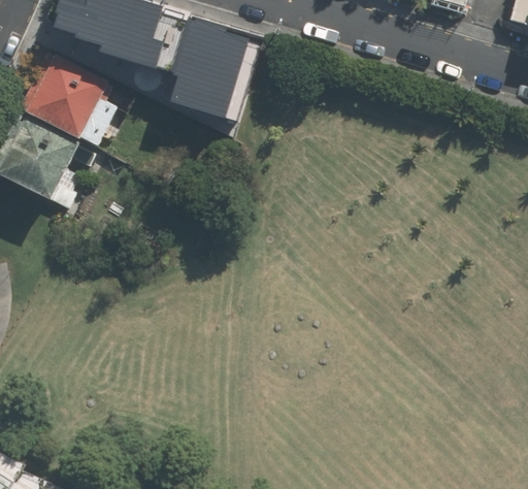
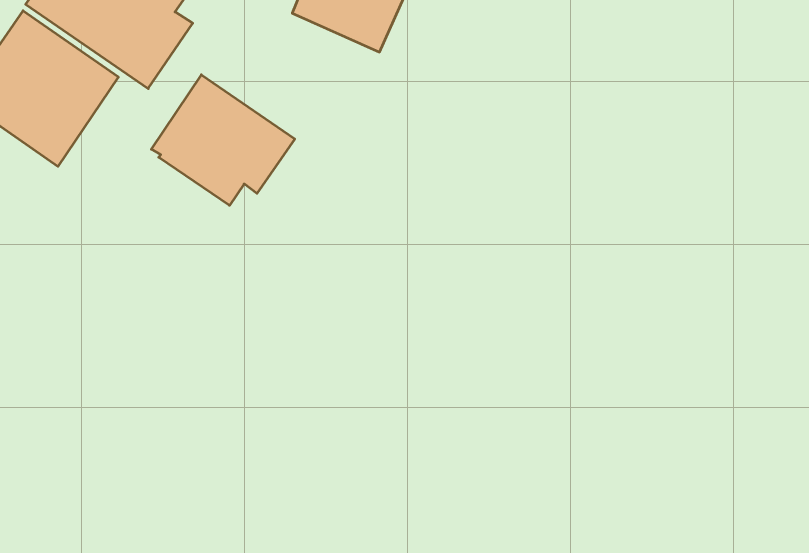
building: none -> [151,75,295,205]

